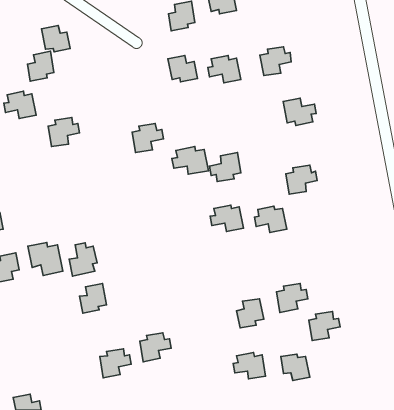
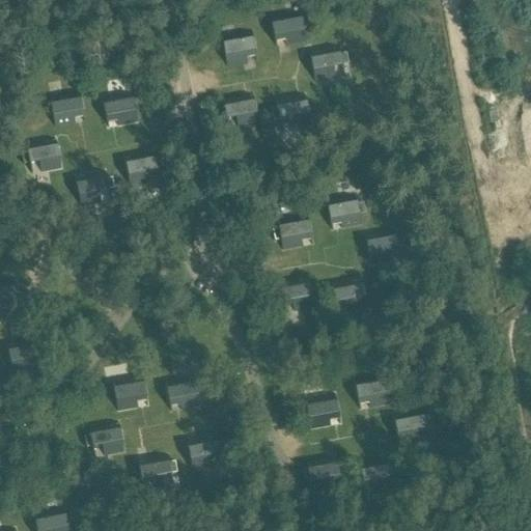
building: [41,25,70,52] -> [103,93,138,125]
building: [260,47,291,76] -> [311,47,350,82]
building: [283,98,316,125] -> [327,196,367,229]
building: [132,124,164,153] -> [125,150,164,186]
building: [172,146,208,174] -> none
building: [28,243,63,275] -> none
building: [69,243,97,276] -> none
building: none -> [166,376,205,410]
building: none -> [85,423,125,455]

